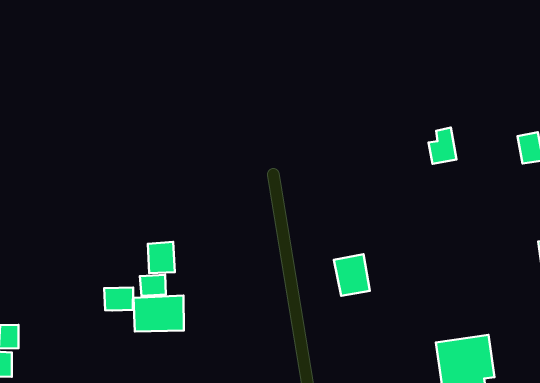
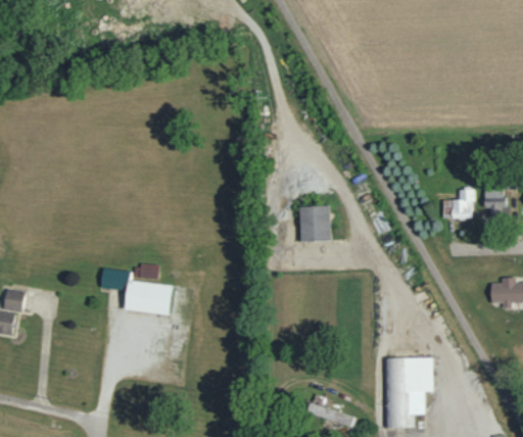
building: [428,128,456,164] -> [449,188,472,217]
building: [148,242,175,273] -> none
building: [334,254,370,296] -> [300,207,328,241]

